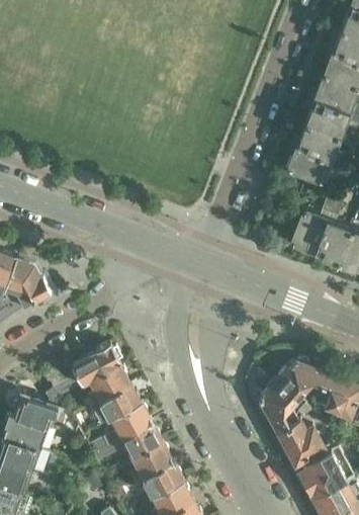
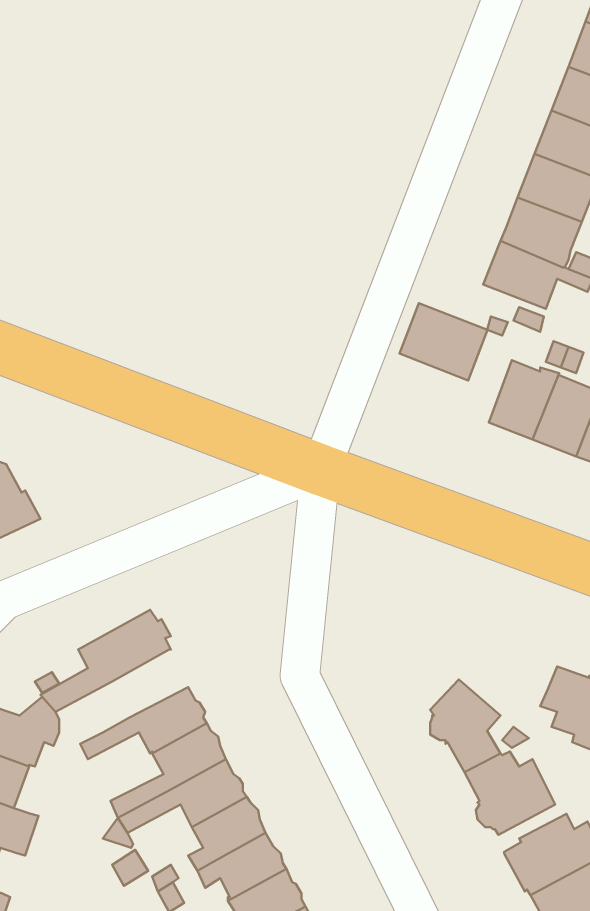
building: none -> [399,303,487,380]
building: [275,358,328,400] -> none
building: [81,364,130,409] -> none

